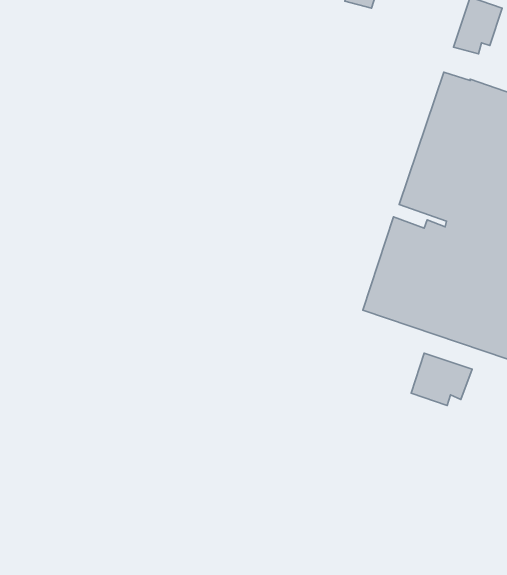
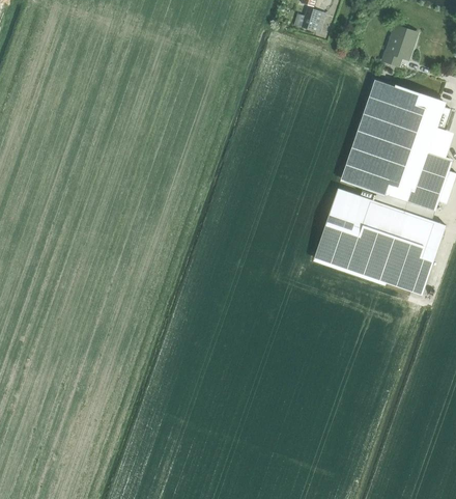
building: [411,353,472,405] -> none

